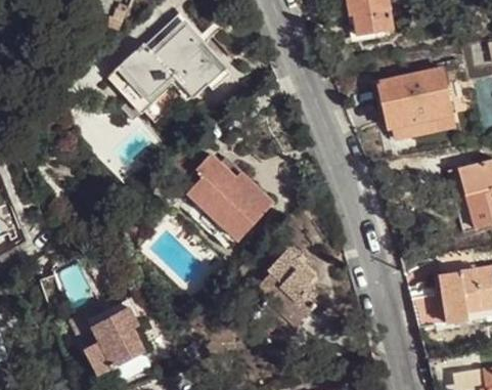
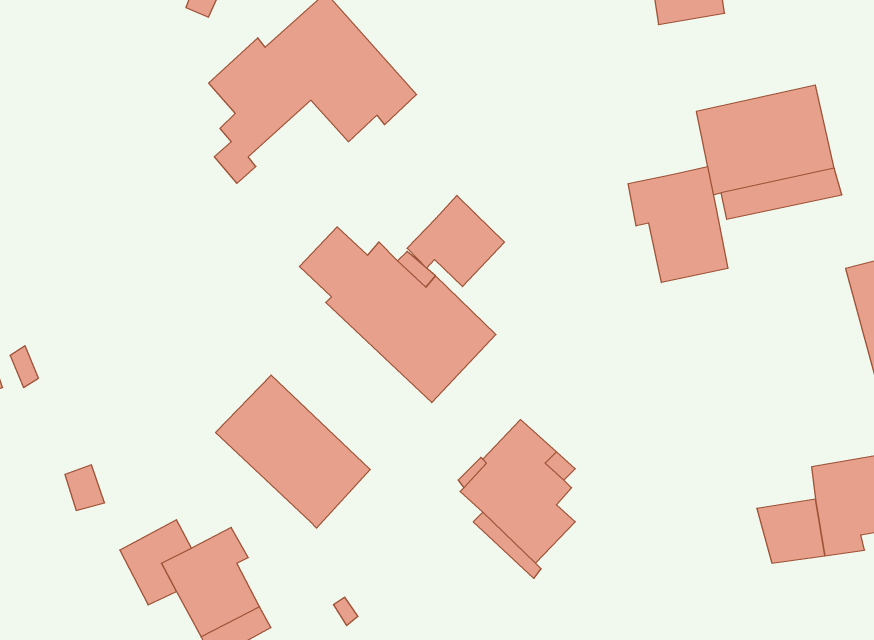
building: none -> [628,166,728,283]
building: none -> [407,195,504,287]
building: none -> [216,375,370,528]

